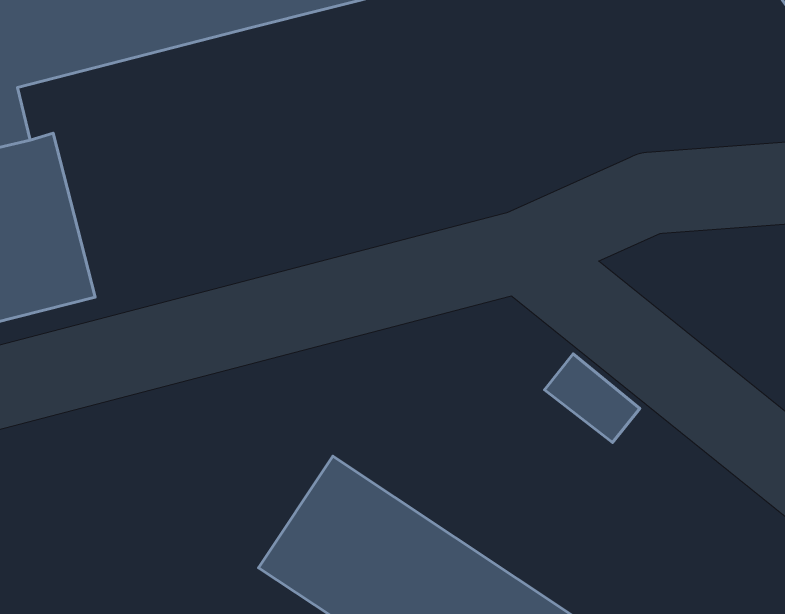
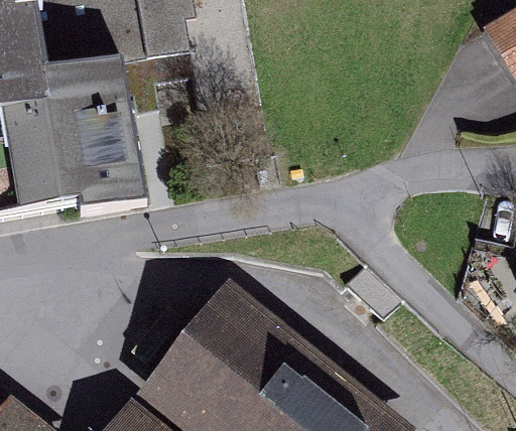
building: none -> [40,44,188,208]

